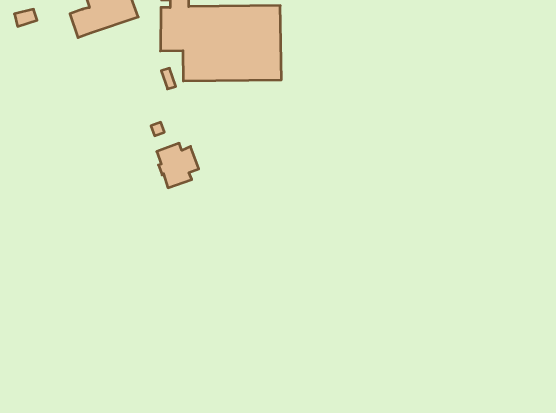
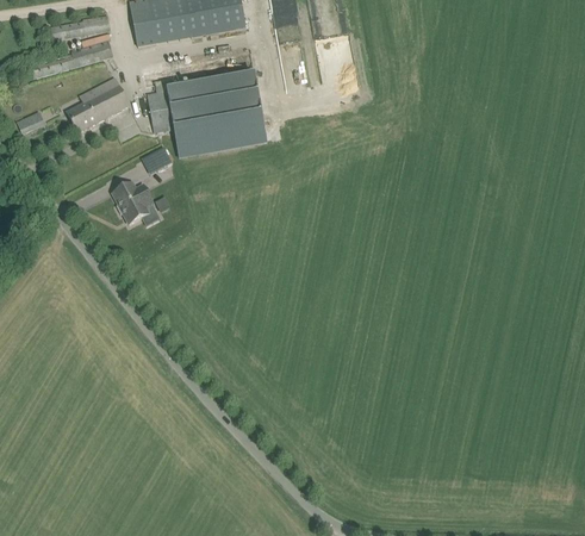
building: [157,143,199,188] -> [113,181,154,223]

